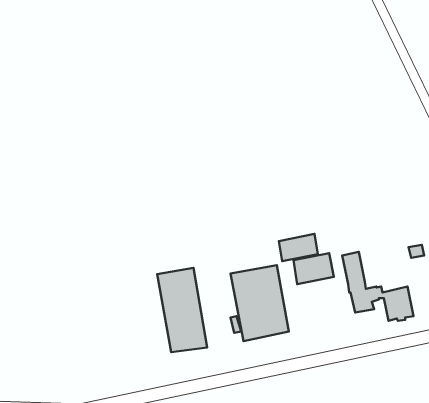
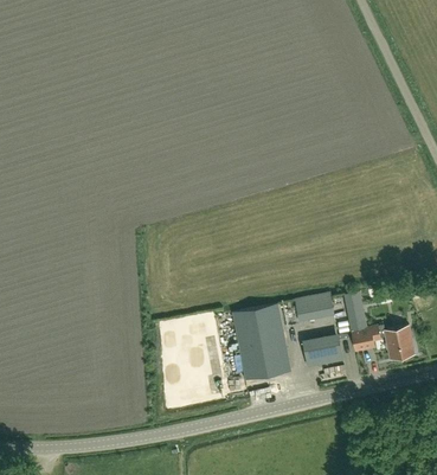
building: [279,234,318,261] -> [304,340,343,367]
building: [157,268,207,352] -> none

